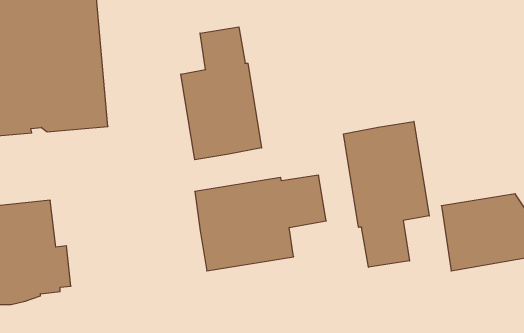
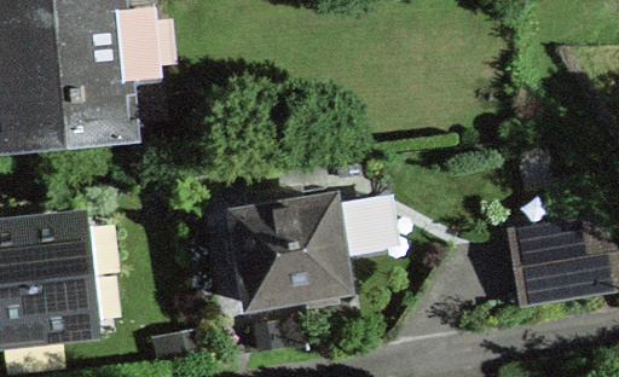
building: [181,27,262,160] -> none
building: [344,121,429,267] -> none

